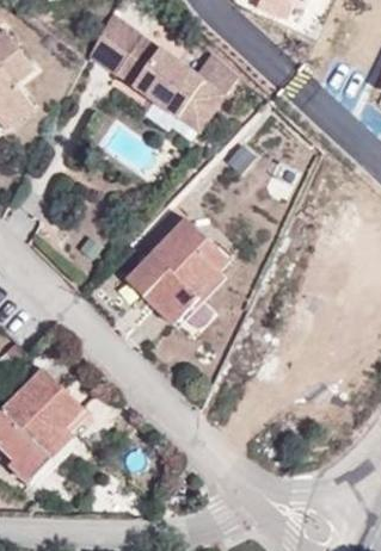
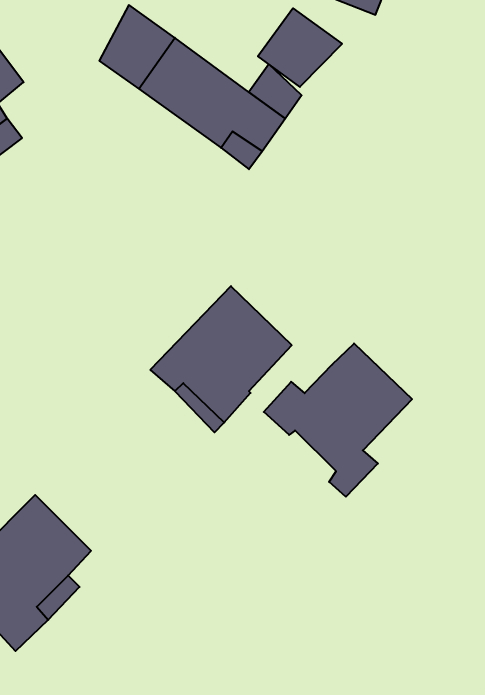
building: none -> [258,8,342,87]
building: none -> [264,343,412,497]

